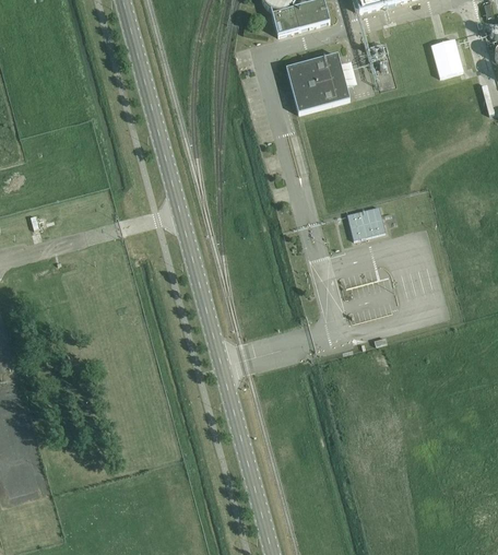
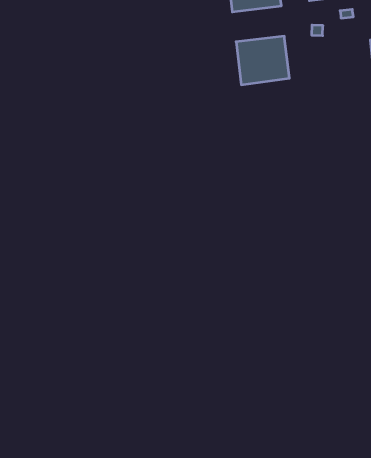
building: [347,204,386,238] -> none

